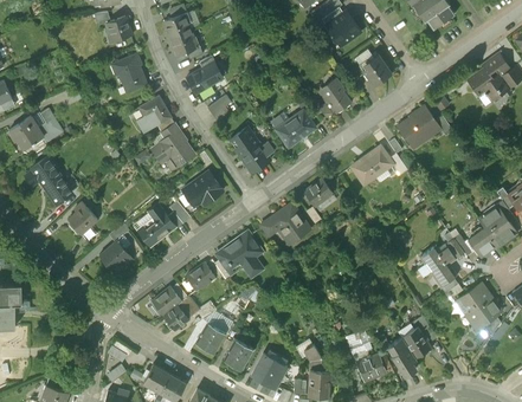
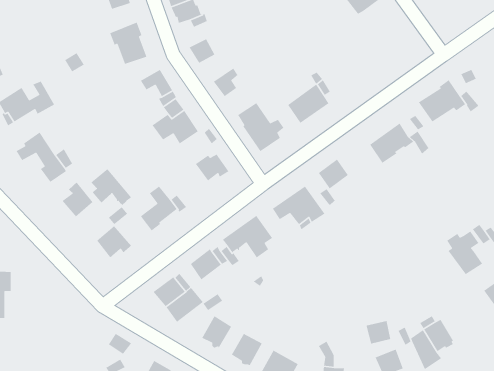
building: [360,54,392,86] -> none
building: [320,78,350,117] -> none
building: none -> [91,168,132,206]

